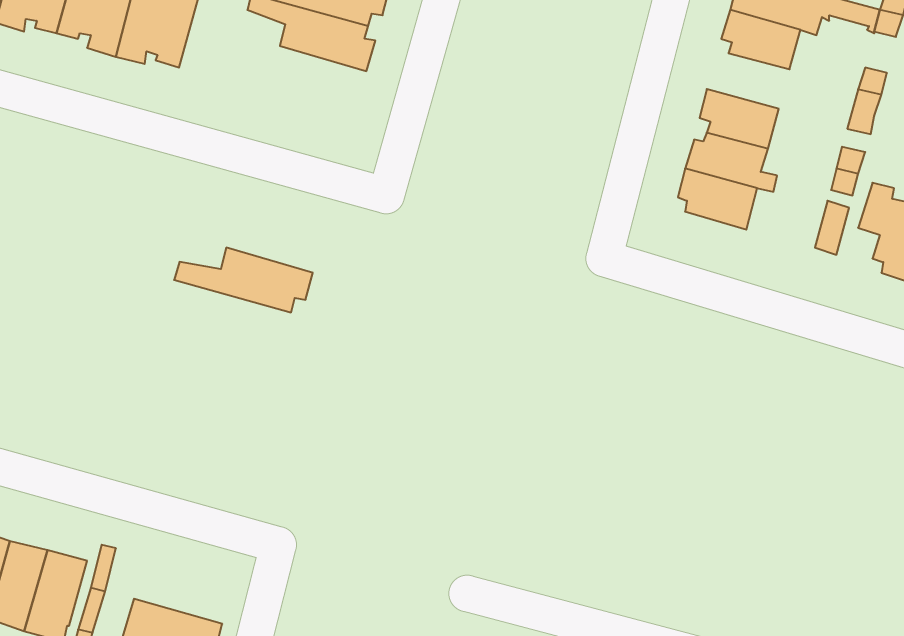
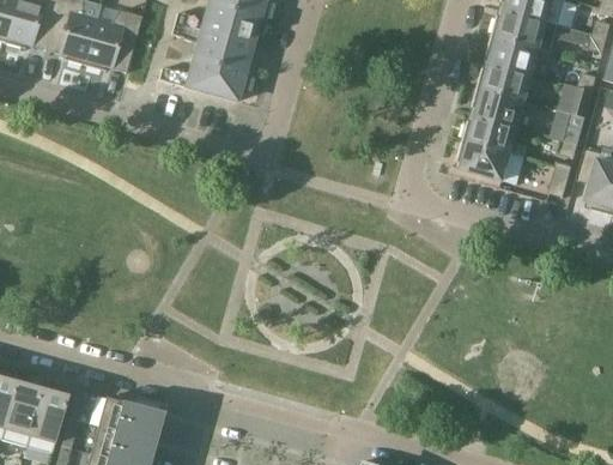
building: none -> [478,62,533,99]
building: [174,248,313,312] -> [159,58,251,101]
building: none -> [97,397,166,442]

